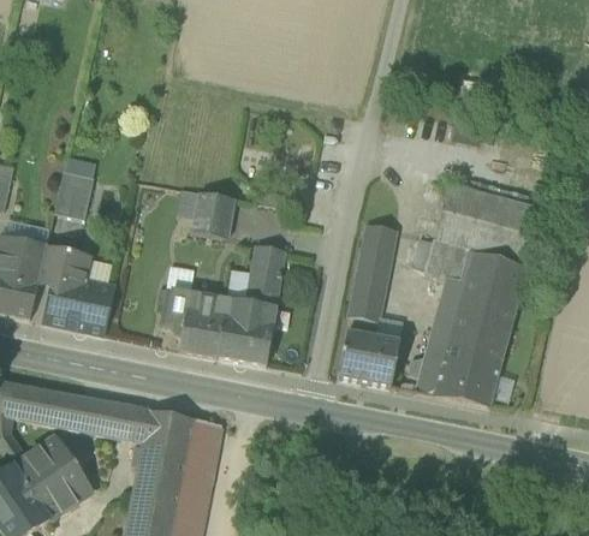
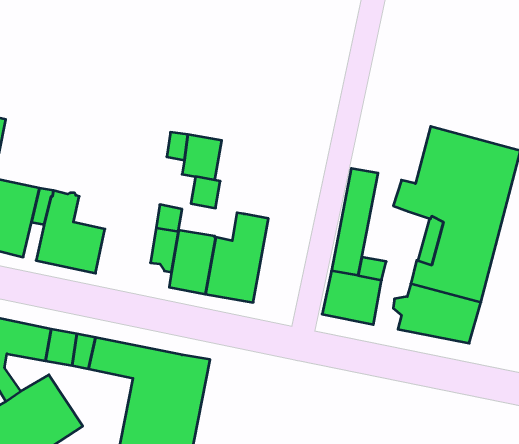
building: [53,171,94,219] -> none
building: [256,245,286,278] -> [191,177,220,208]

